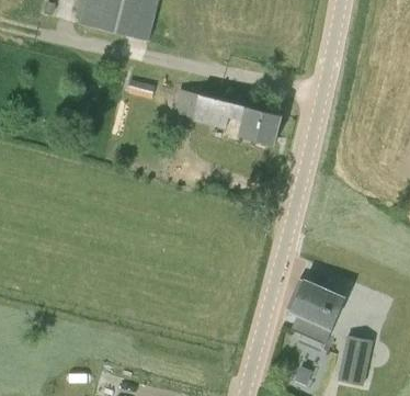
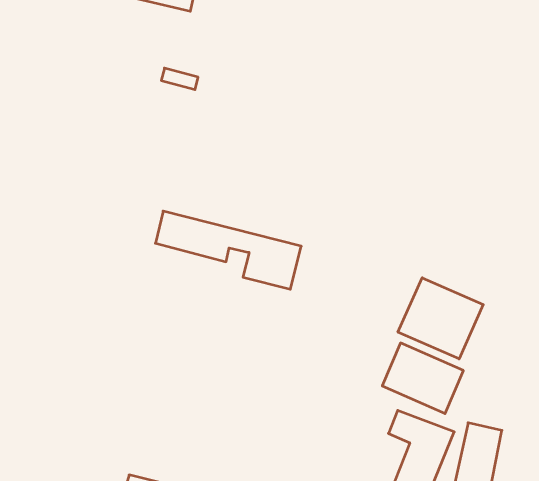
building: [178,89,282,145] -> [155,211,301,289]
building: none -> [398,278,483,359]

